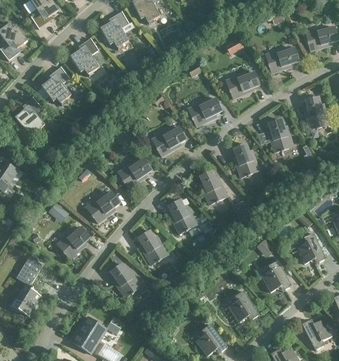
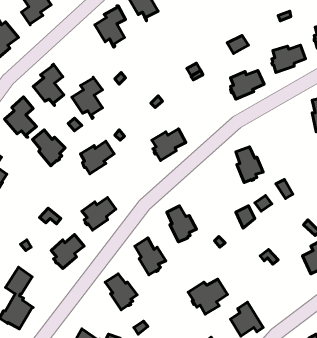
building: [69,37,98,76] -> [72,77,103,118]
building: [189,97,221,126] -> none
building: [267,118,292,152] -> none
building: none -> [32,130,65,166]
building: [119,157,151,188] -> [80,141,114,174]
building: [198,170,226,204] -> none
building: [260,260,291,291] -> none
building: none -> [188,279,227,314]

